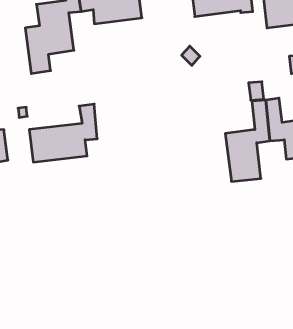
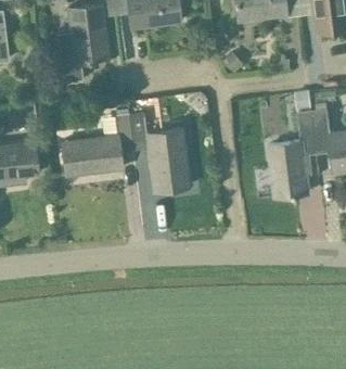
building: none -> [129,113,189,192]

